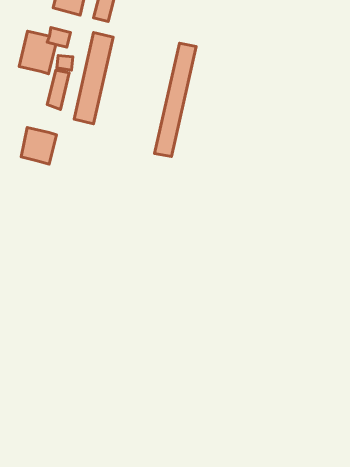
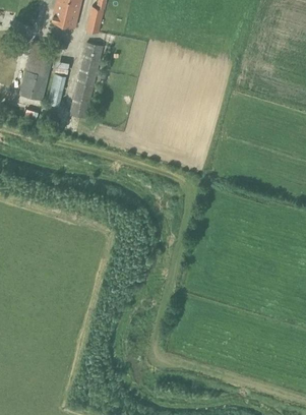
building: [155,43,196,157] -> none
building: [21,127,56,164] -> [18,71,48,102]

